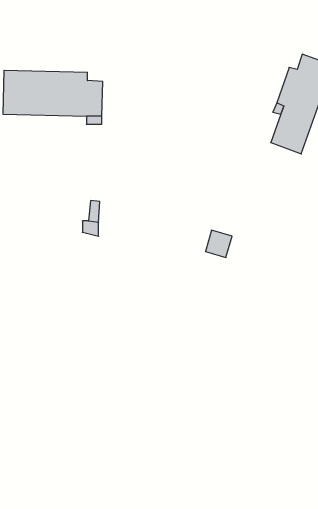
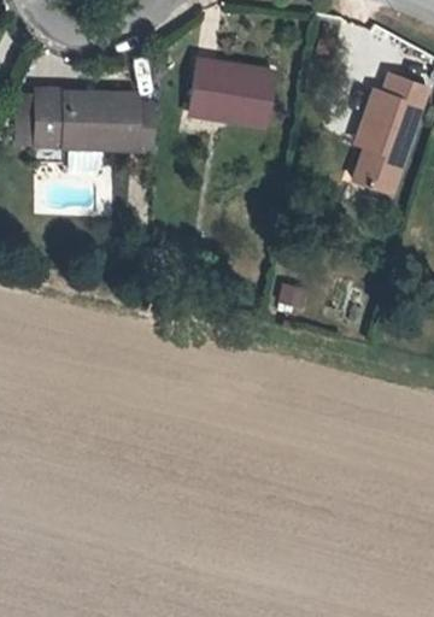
building: none -> [190,60,274,123]

